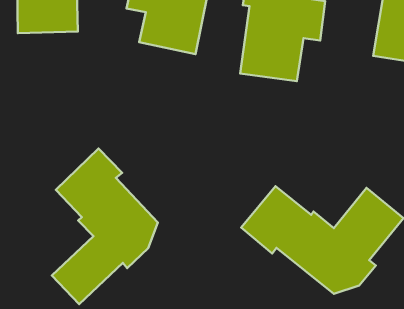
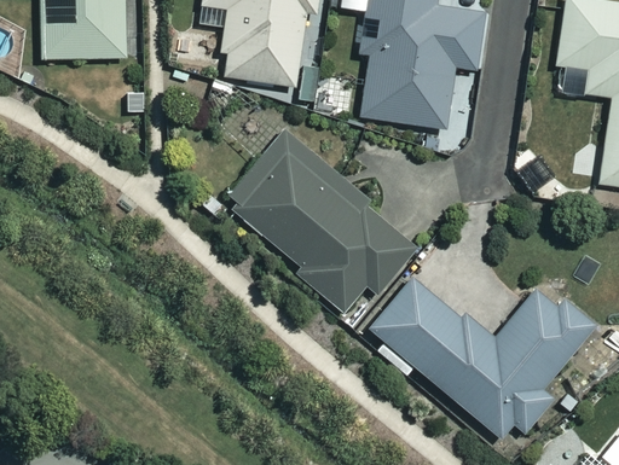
building: none -> [226,128,412,318]
building: [52,149,158,304] -> none

